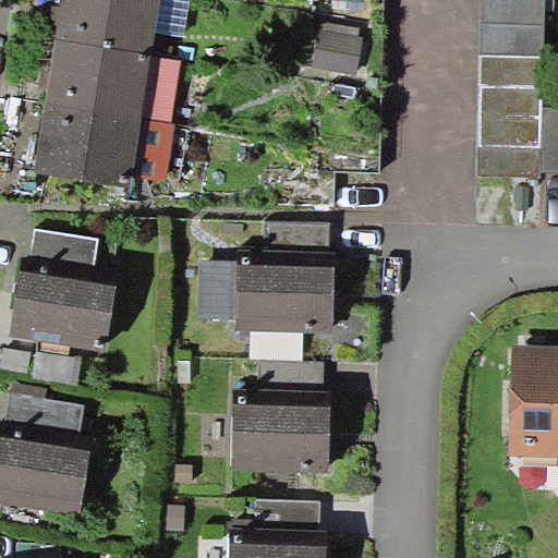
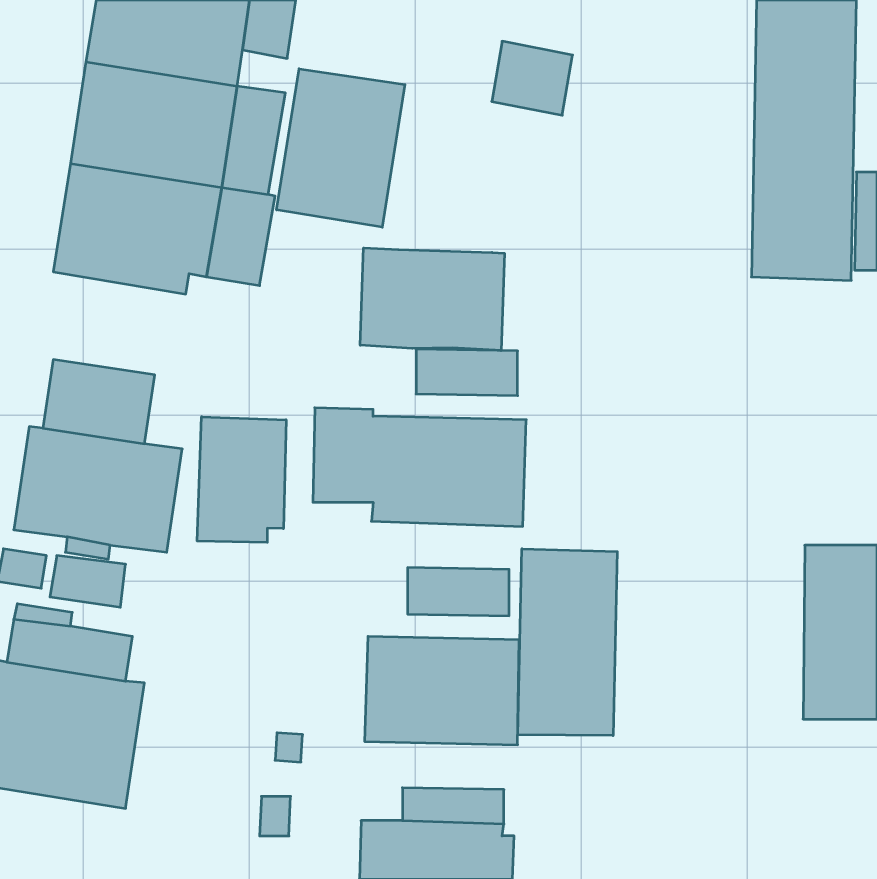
building: none -> [277,69,405,227]
building: none -> [360,248,504,351]
building: none -> [197,417,286,542]
building: none -> [518,549,617,736]

